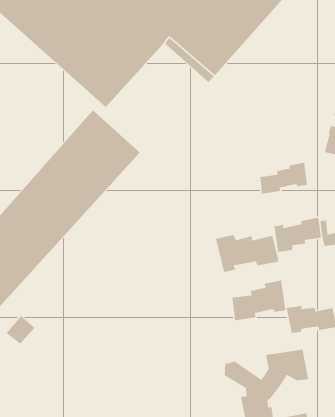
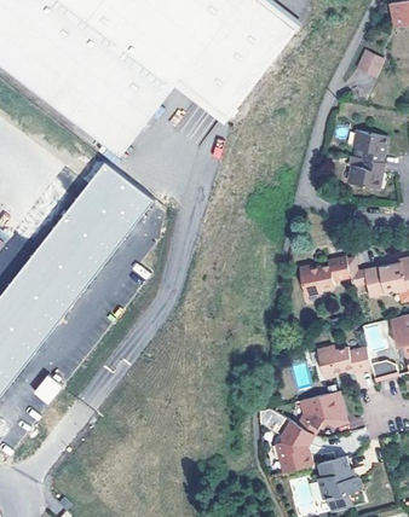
building: [259,162,308,195] -> none
building: [215,234,279,273] -> none
building: [232,280,286,321] -> none

